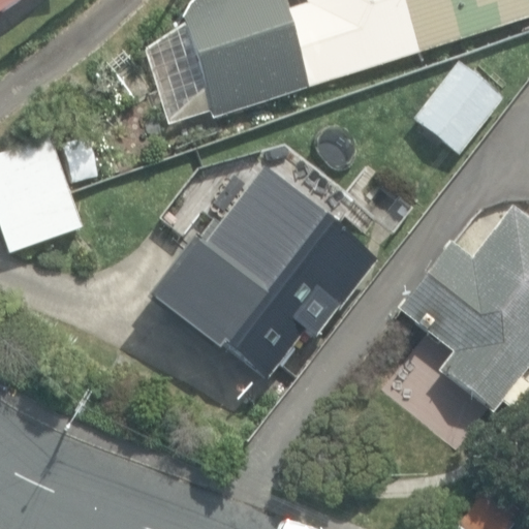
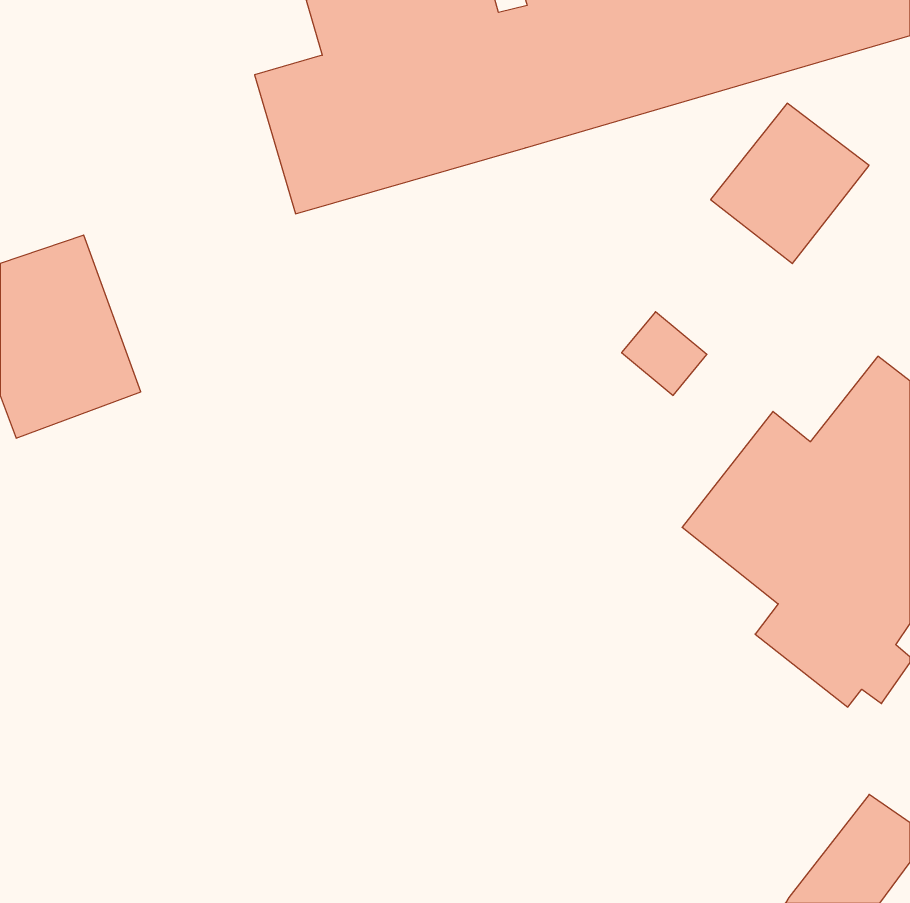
building: [194,168,374,378] -> none

